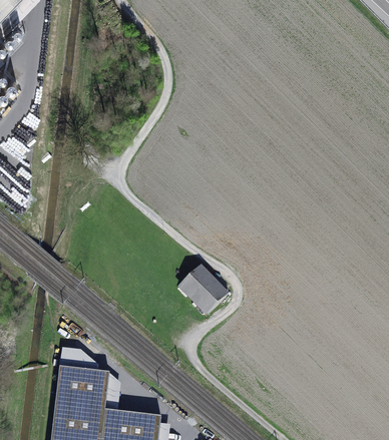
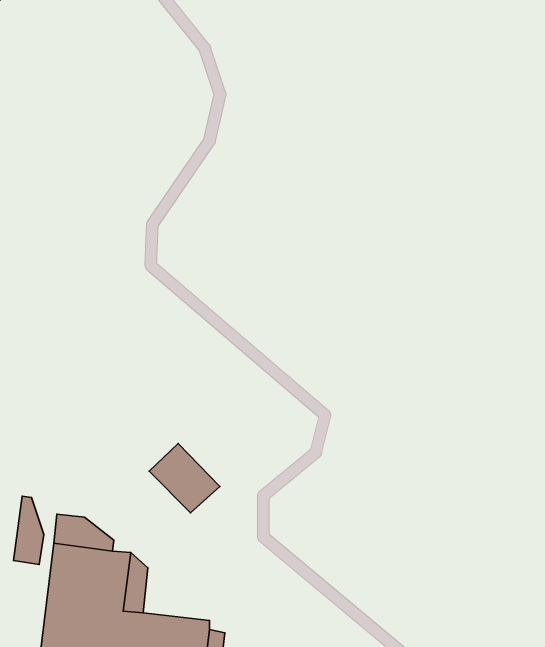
building: [179,268,226,313] -> [149,443,220,513]
building: none -> [14,496,44,565]

